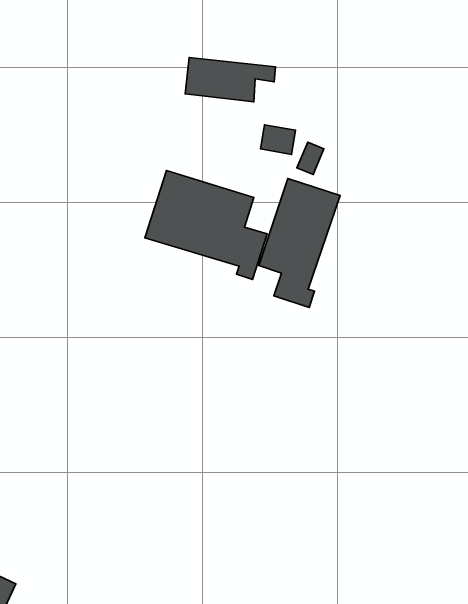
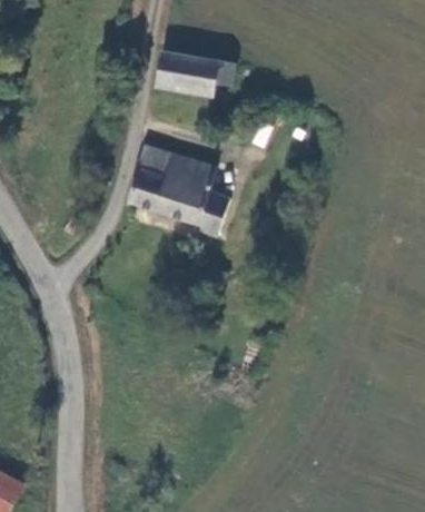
building: [259,178,340,307] -> none

